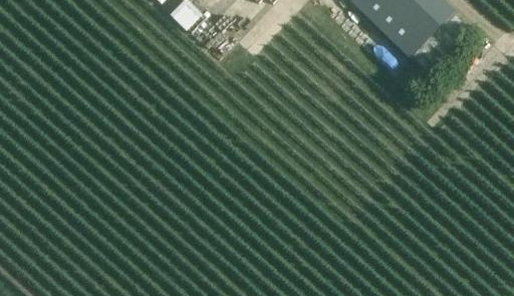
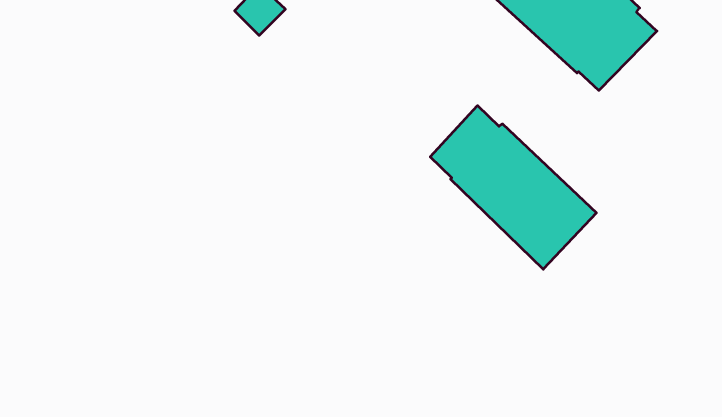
building: none -> [430,106,596,269]

